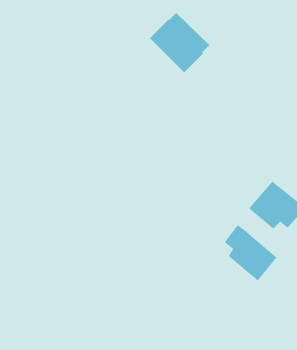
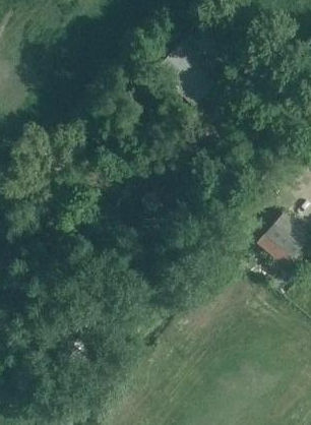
building: [224,224,278,282] -> none

